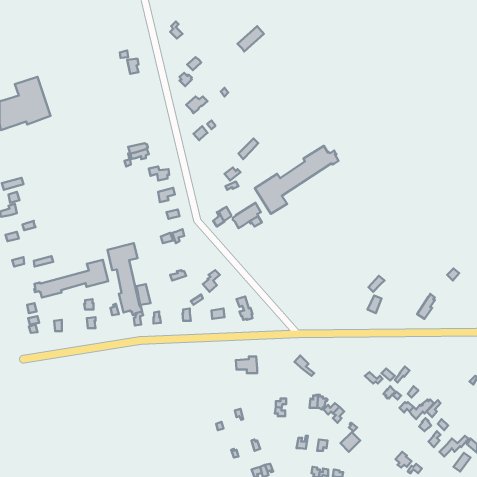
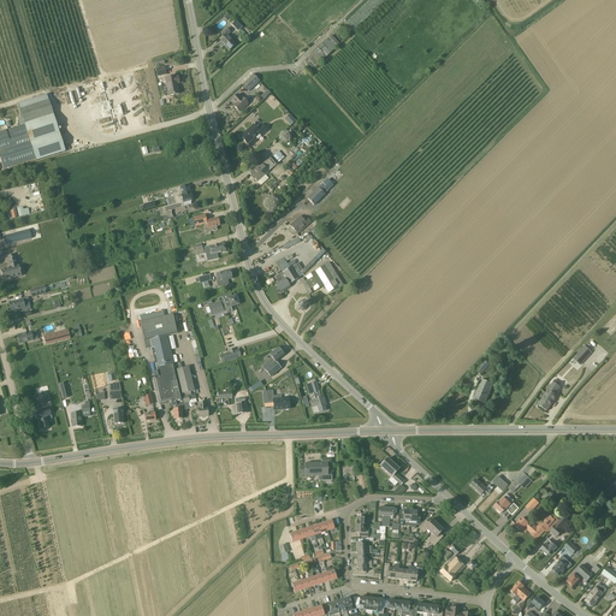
building: [255,146,339,214] -> none
building: [34,260,108,298] -> none

